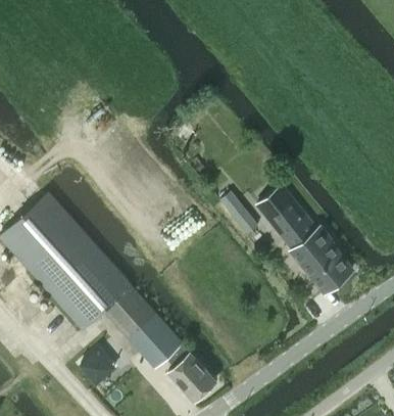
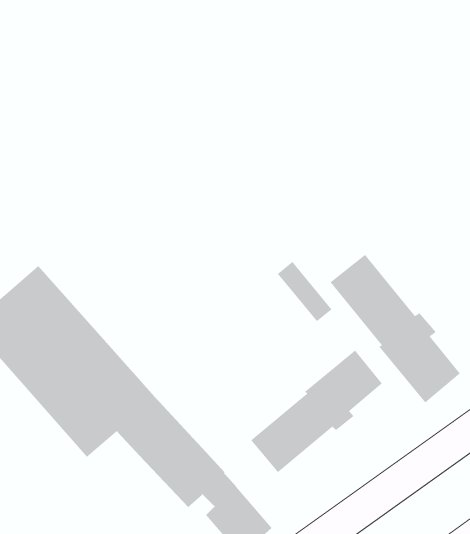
building: none -> [250,349,383,473]

